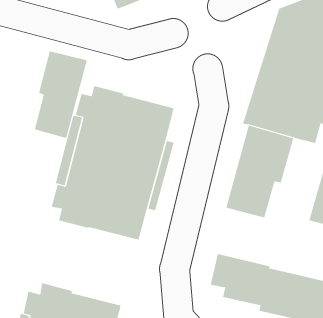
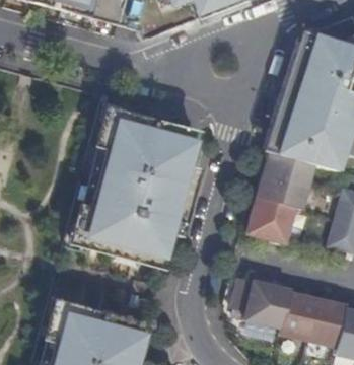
building: [34,51,87,139] -> none

